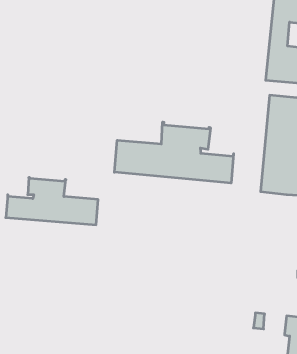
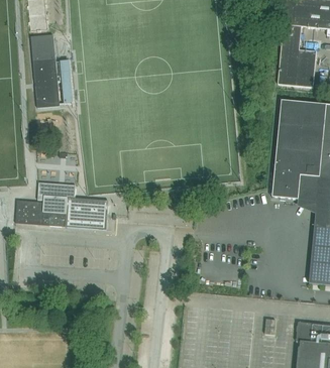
building: none -> [30,33,59,107]
building: [114,122,234,183] -> none

